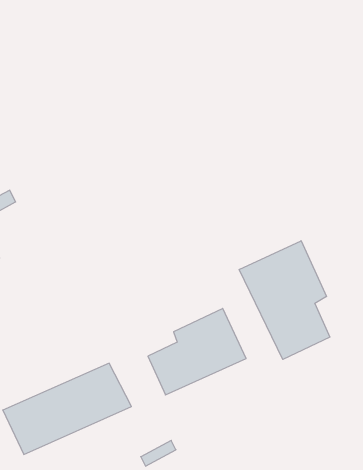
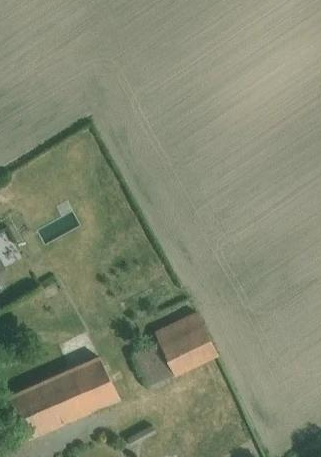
building: [239,241,330,359] -> none

